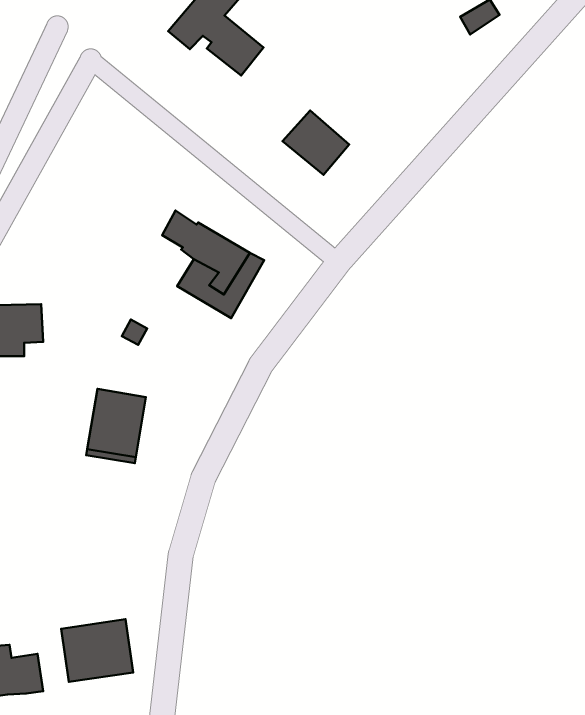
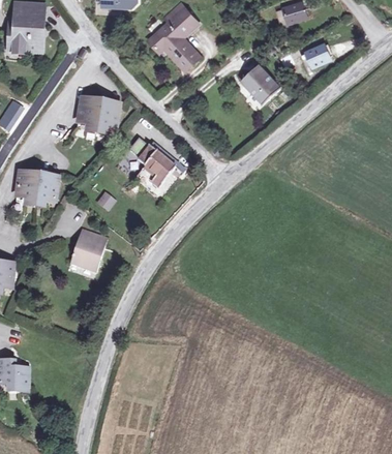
building: [282,110,349,175] -> [243,64,279,100]
building: none -> [77,96,120,130]
building: [61,619,133,682] -> none

